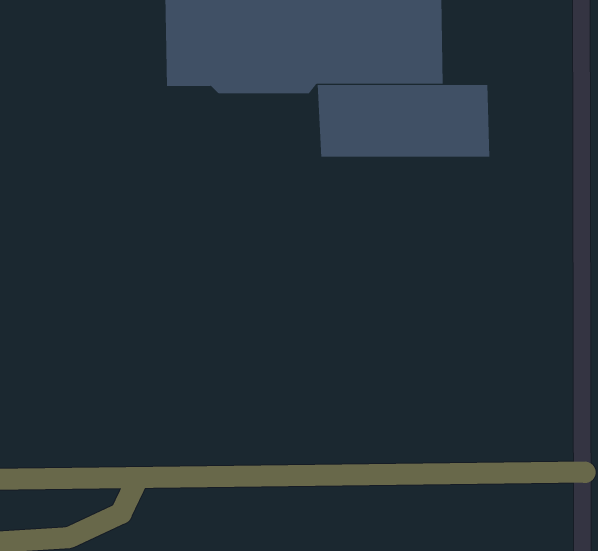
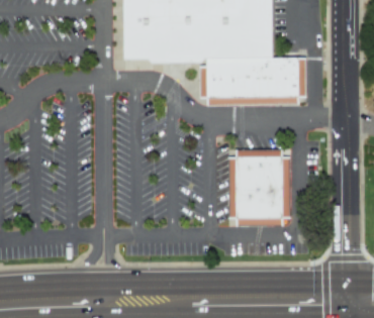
building: none -> [231,157,280,219]

